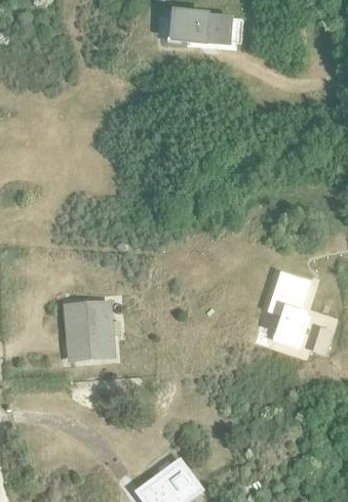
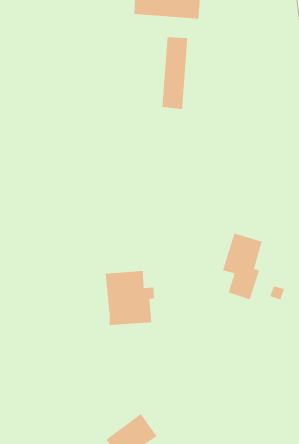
building: none -> [162,36,188,110]
building: [65,302,118,361] -> [105,270,155,325]

